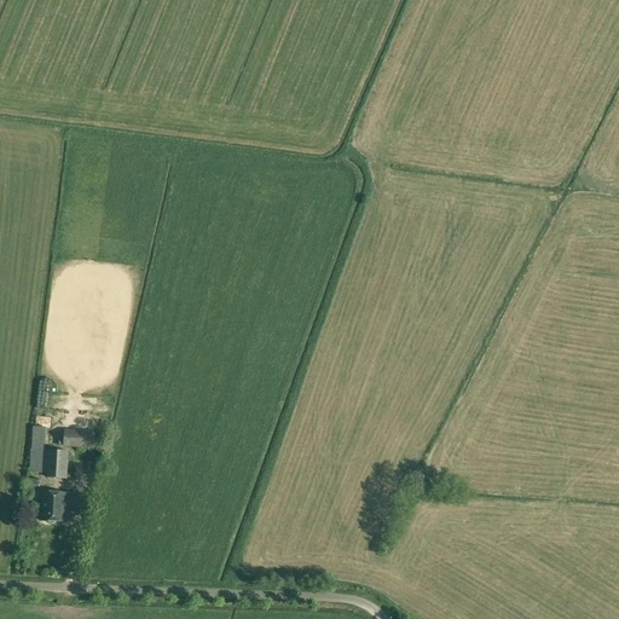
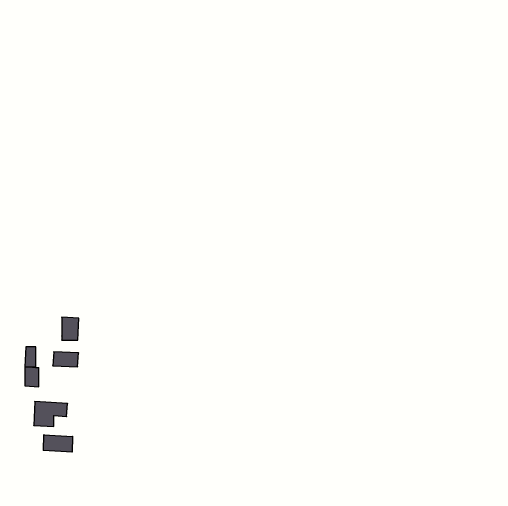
building: [47,447,68,475] -> [62,317,79,340]
building: none -> [43,435,73,452]

